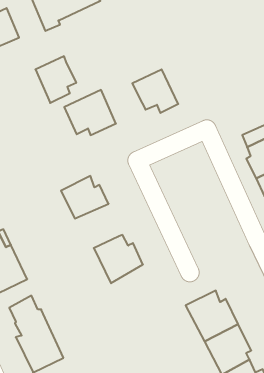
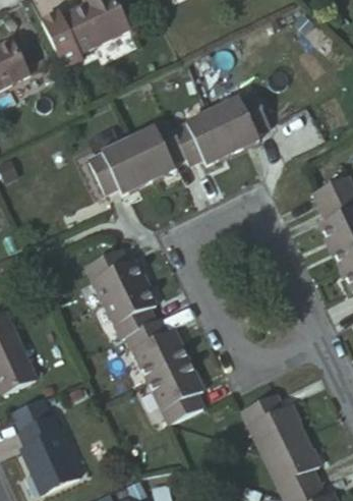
building: none -> [208,94,267,157]
building: [35,56,76,103] -> [132,123,183,181]
building: none -> [100,281,154,339]
building: none -> [144,356,199,421]

